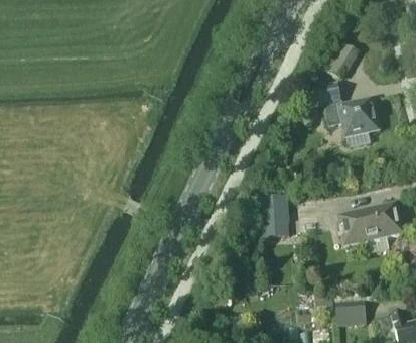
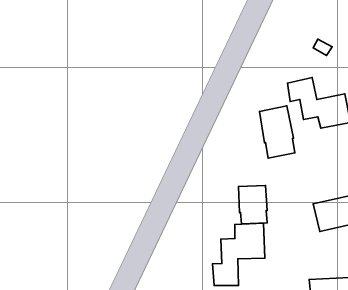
building: none -> [259,106,295,158]
building: none -> [213,223,265,286]

